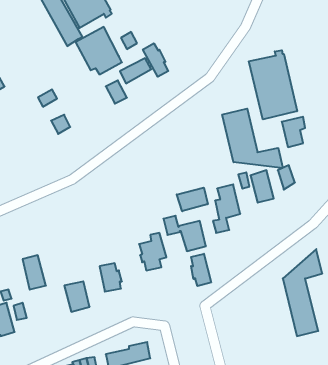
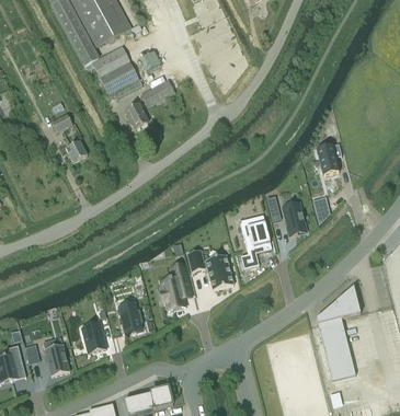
building: [143,43,168,77] -> none
building: [249,50,297,119] -> none
building: [222,109,283,168] -> none
building: [177,188,208,211] -> none
building: [191,254,211,286] -> none
building: [23,255,46,290] -> [44,336,69,373]

